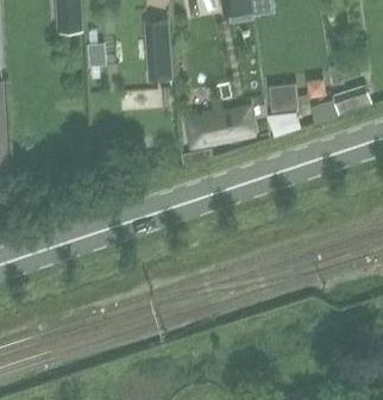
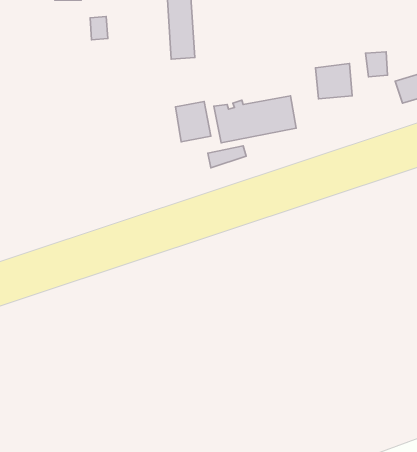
building: none -> [175,101,211,142]

